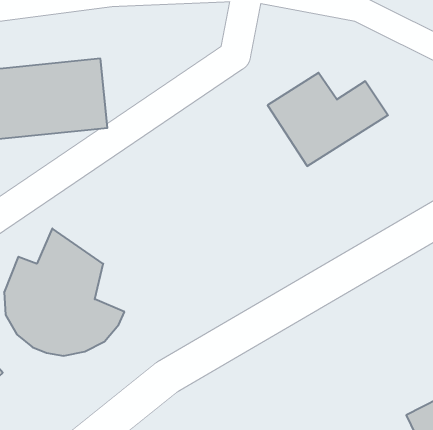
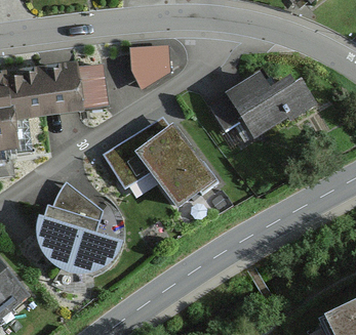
building: none -> [128,43,171,90]
building: none -> [103,113,213,209]

